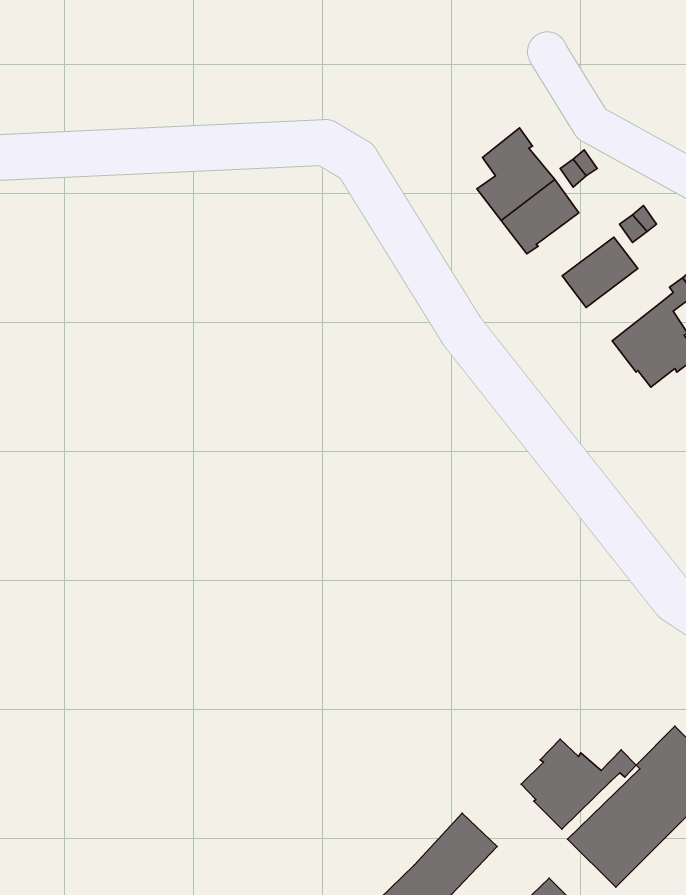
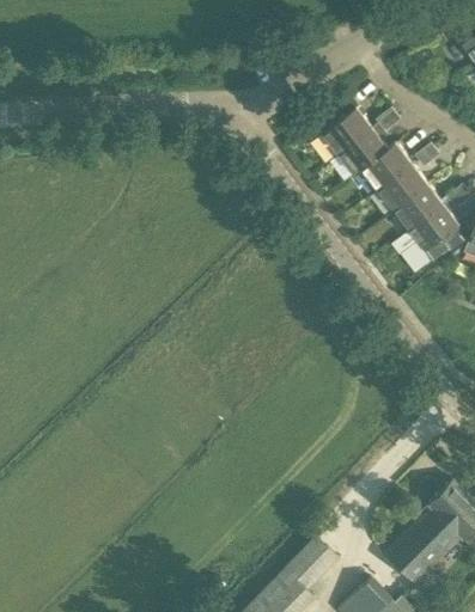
building: none -> [361,143,412,190]
building: none -> [394,185,444,232]
building: [521,739,636,829] -> none

